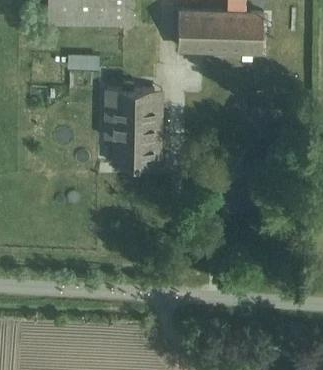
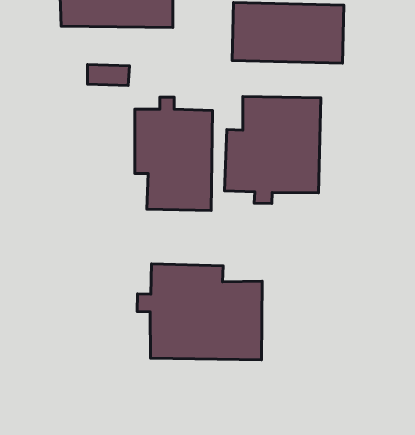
building: none -> [224,96,321,204]
building: none -> [137,264,262,360]

